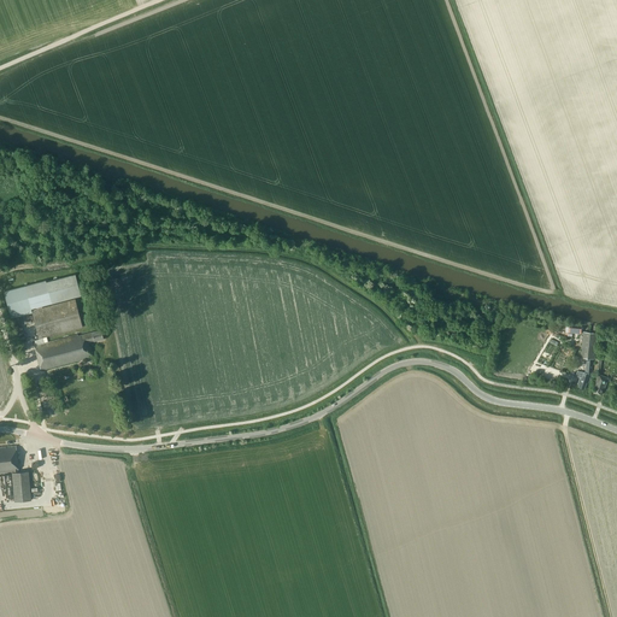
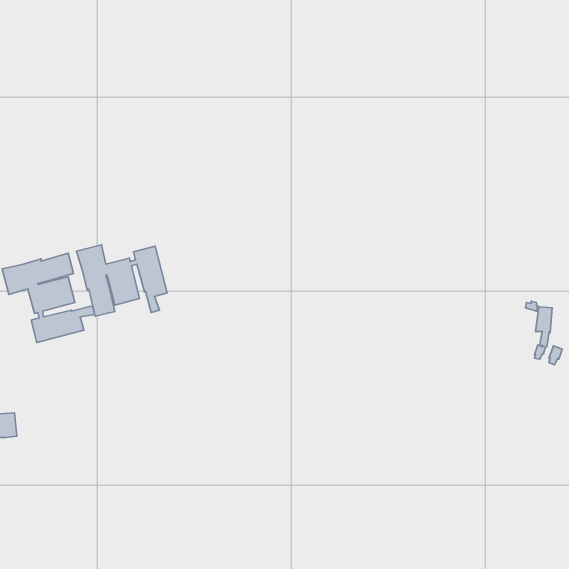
building: none -> [77,245,167,316]
building: [10,472,30,503] -> none

